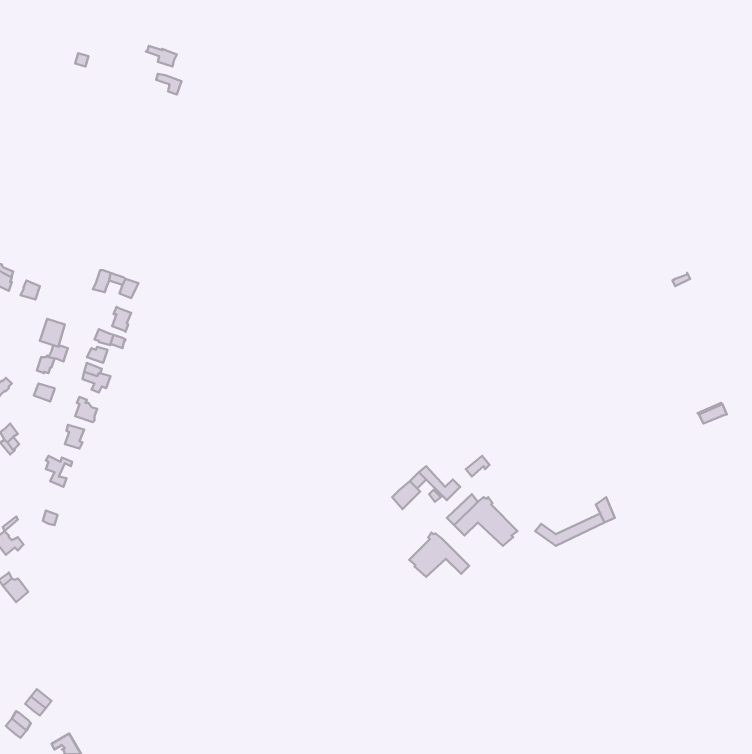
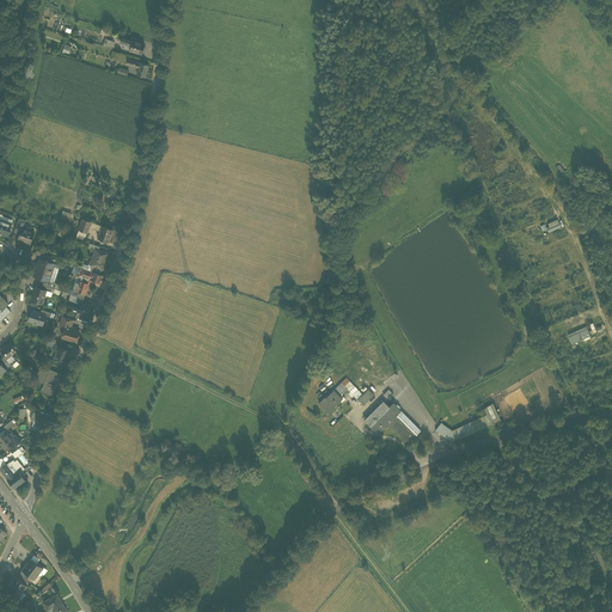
building: [409,533,469,577] -> none

